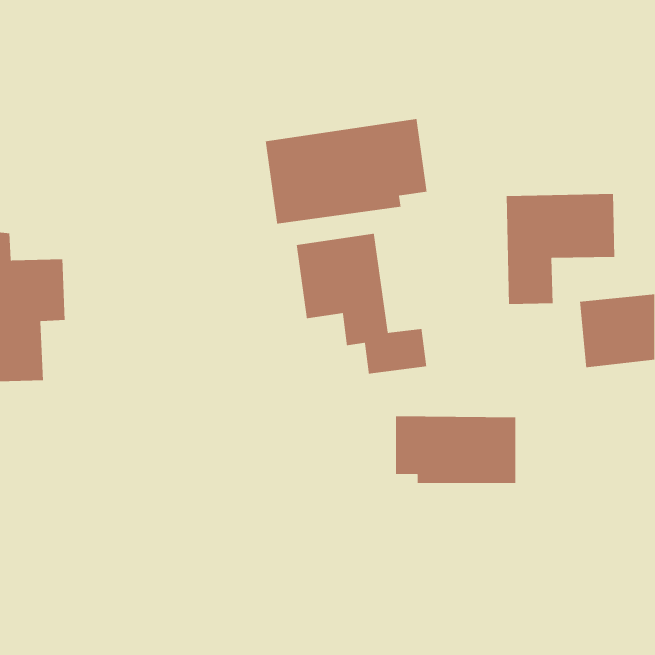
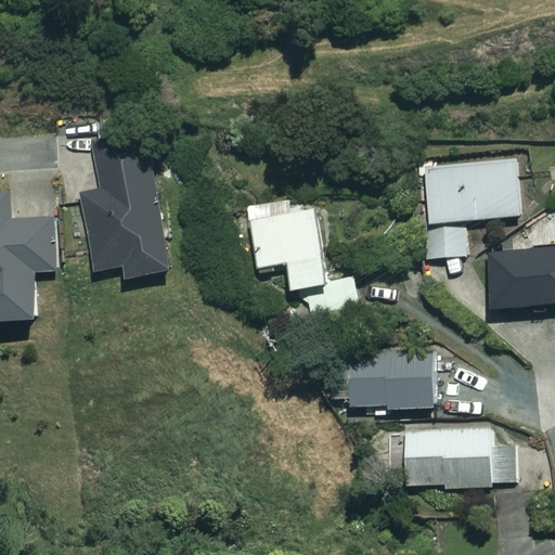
building: [265,118,428,225] -> none
building: none -> [82,135,167,280]
building: none -> [406,428,517,487]

